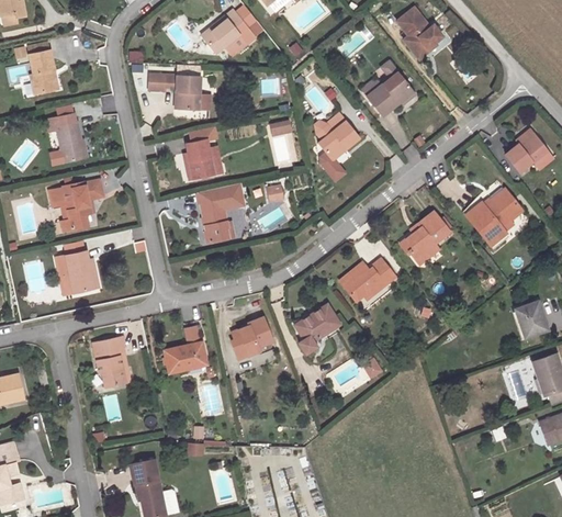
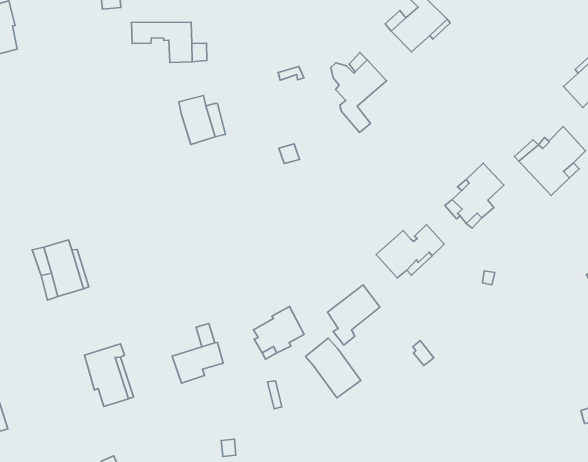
building: [48,108,87,157] -> none
building: [49,175,103,225] -> none
building: [196,181,243,241] -> none
building: none -> [305,338,361,398]

